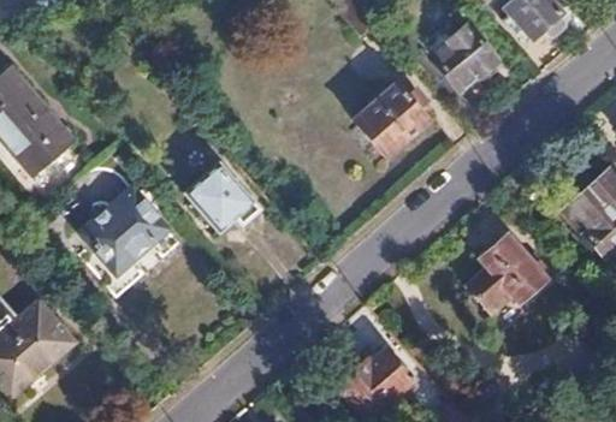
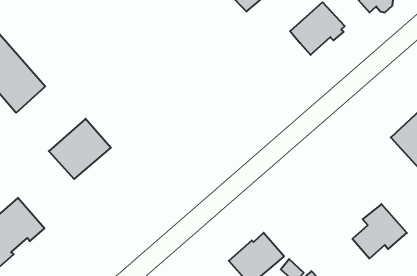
building: [354,82,430,156] -> none
building: [184,161,259,228] -> none
building: [467,239,544,316] -> [352,204,407,258]

